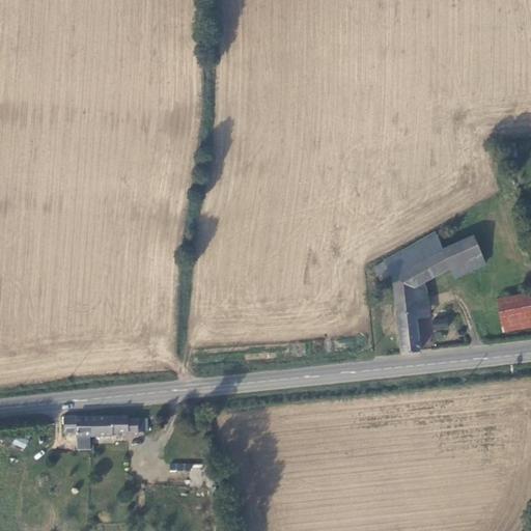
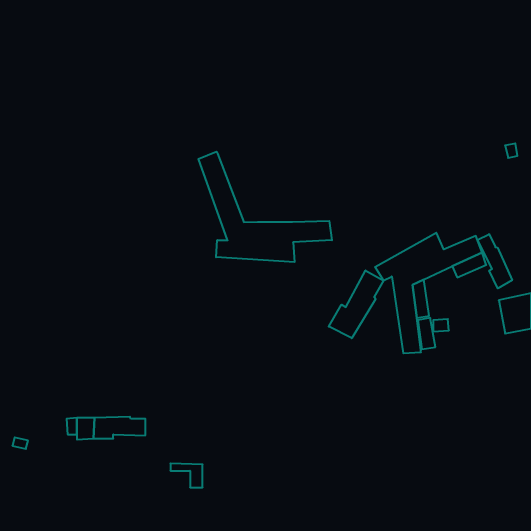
building: none -> [198,152,332,262]
building: none -> [477,234,512,288]
building: none -> [329,270,383,338]

